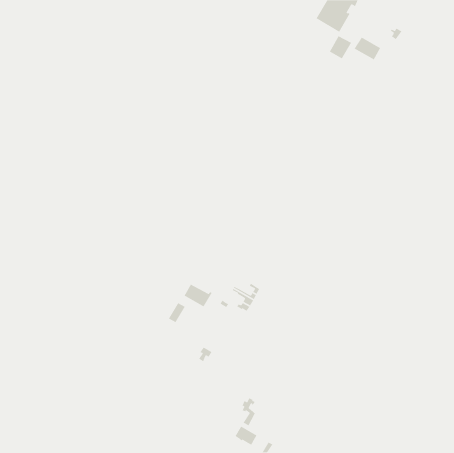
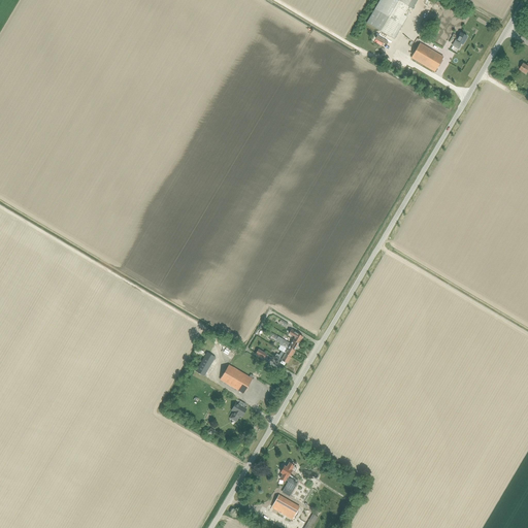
building: [329,35,352,59] -> none
building: [183,284,213,308] -> [220,364,254,392]

